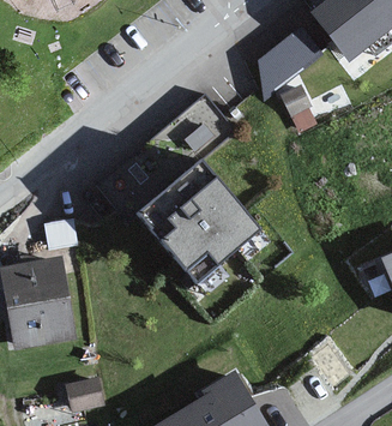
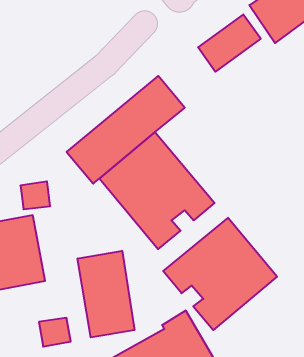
building: none -> [163,218,277,330]
building: none -> [78,251,134,337]

